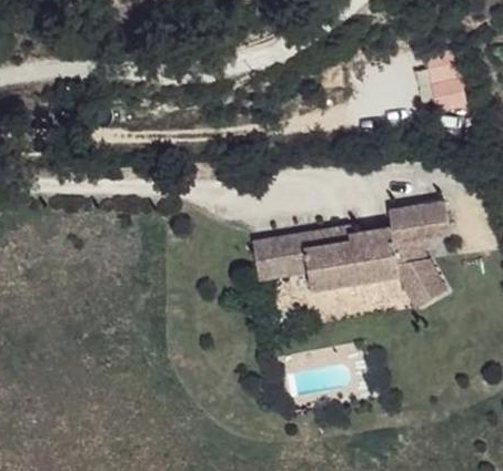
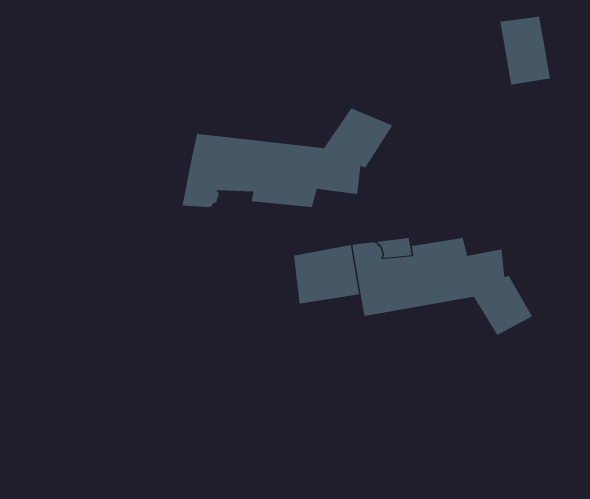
building: none -> [182,108,393,208]
building: [389,201,450,242] -> none

